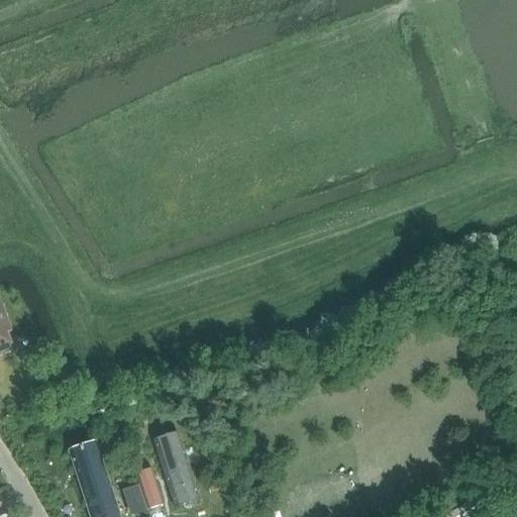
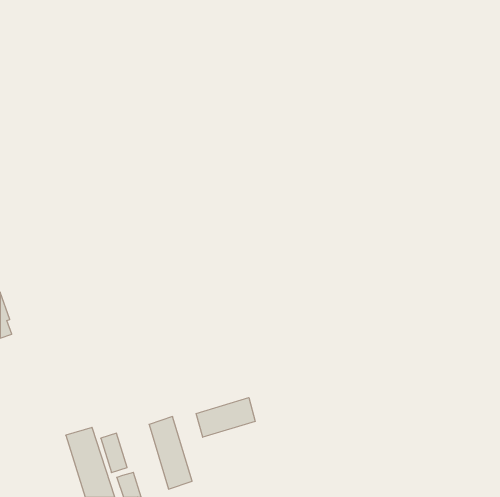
building: none -> [196,398,255,437]
building: [135,467,163,507] -> [101,433,127,473]

